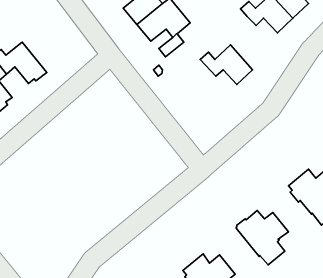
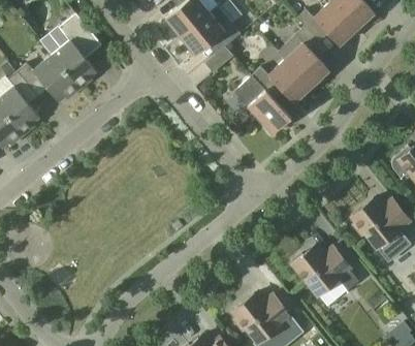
building: none -> [52,13,102,90]
building: none -> [279,27,329,87]
building: none -> [234,75,291,133]

